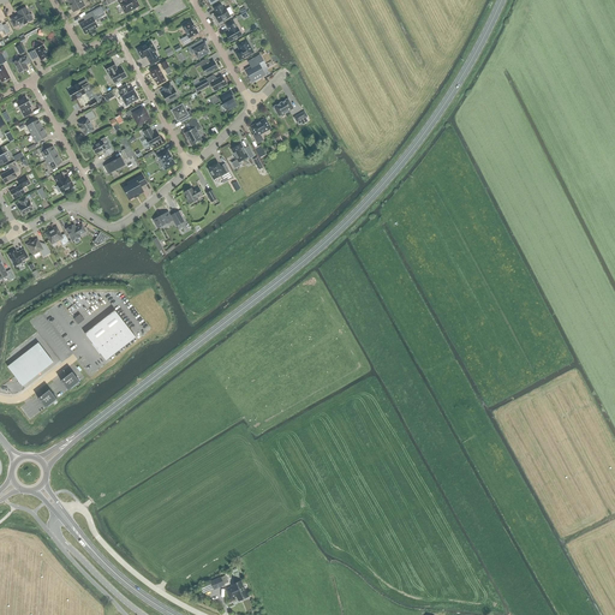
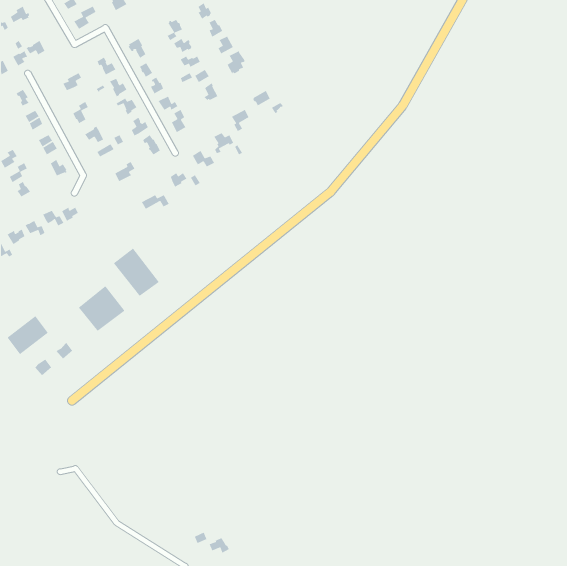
building: none -> [113,247,160,297]

